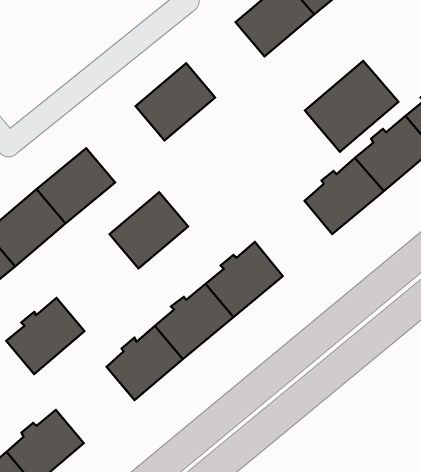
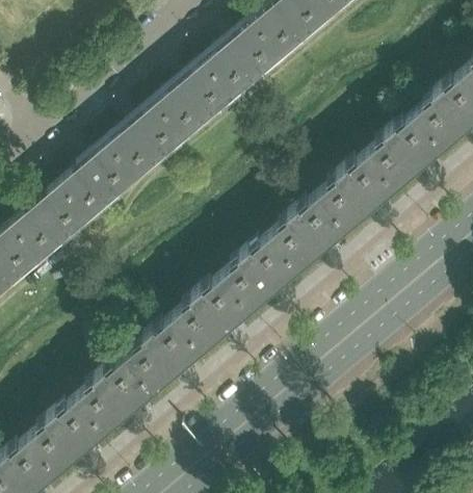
building: none -> [204,25,280,98]
building: [305,61,398,152] -> none
building: [110,192,188,269] -> [107,106,183,180]
building: none -> [270,198,345,270]
building: [6,298,85,374] -> [78,358,154,432]

